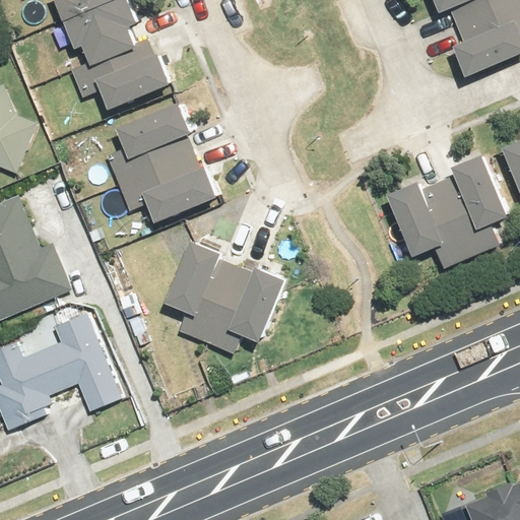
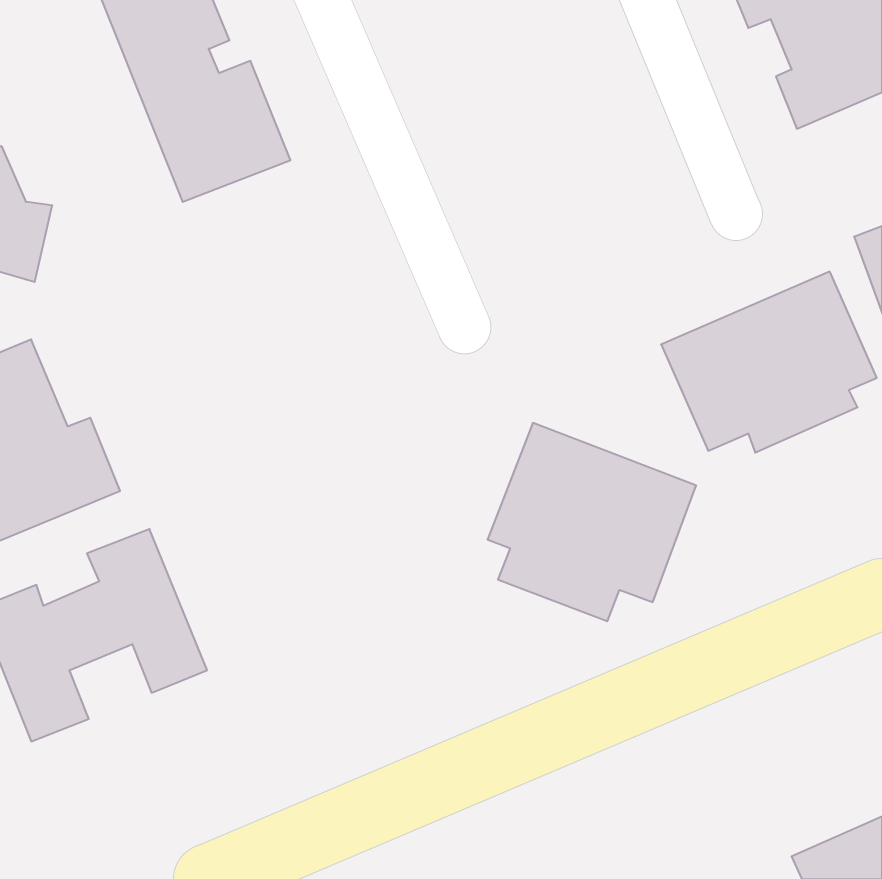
building: [105,109,214,228] -> none
building: [168,239,289,354] -> [487,423,696,621]

